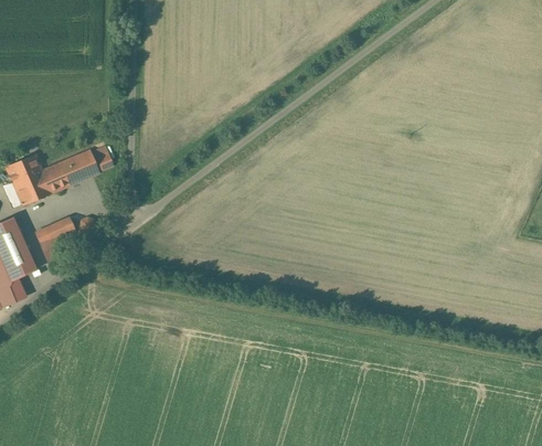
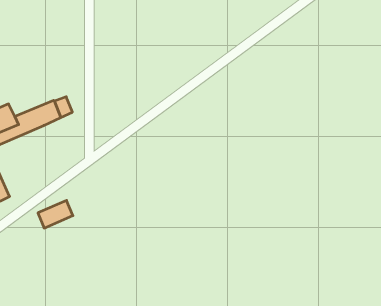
building: [34,216,77,251] -> [38,200,73,228]

